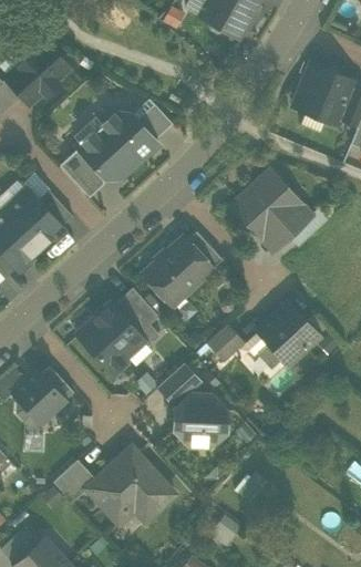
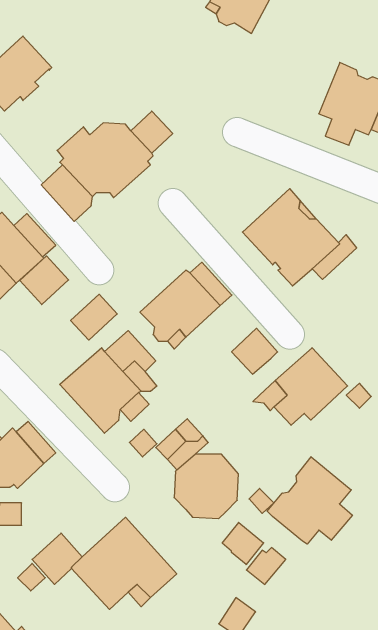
building: none -> [20,256,69,305]
building: none -> [71,294,117,340]
building: [206,323,245,362] -> [232,328,278,374]
building: none -> [267,457,352,544]
building: none -> [222,522,264,565]

